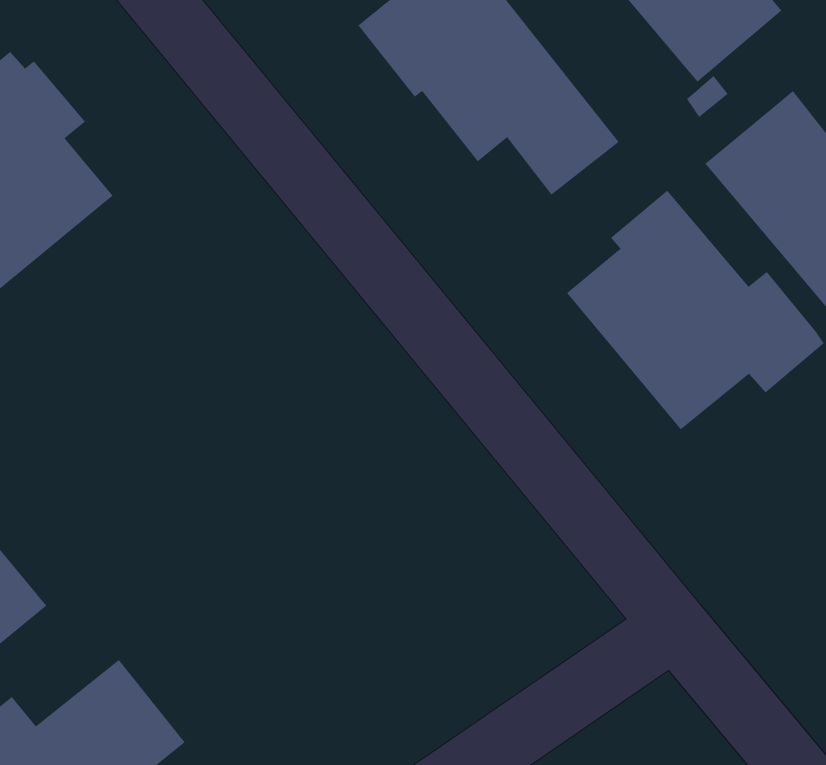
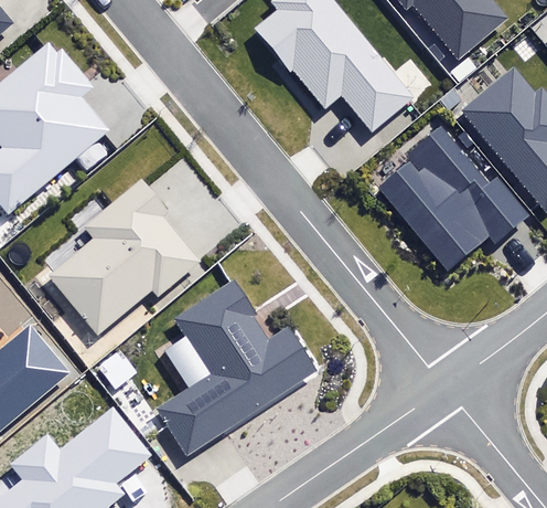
building: none -> [46,178,199,337]
building: none -> [155,285,320,455]

